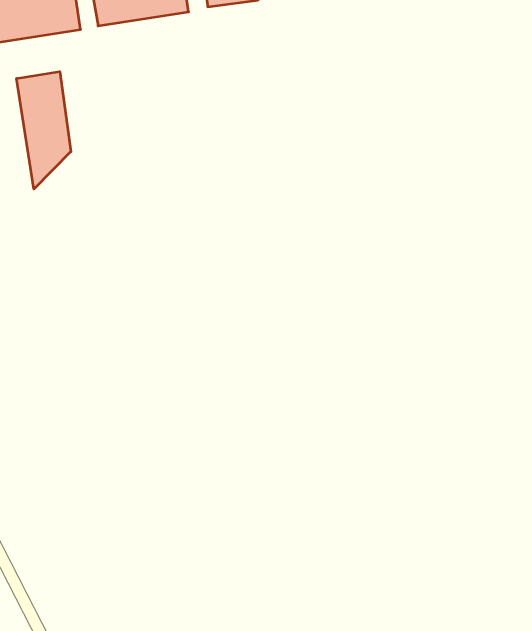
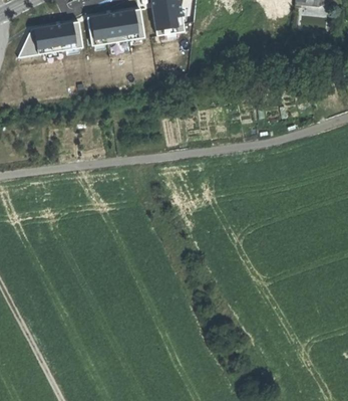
building: [17,72,71,189] -> none

